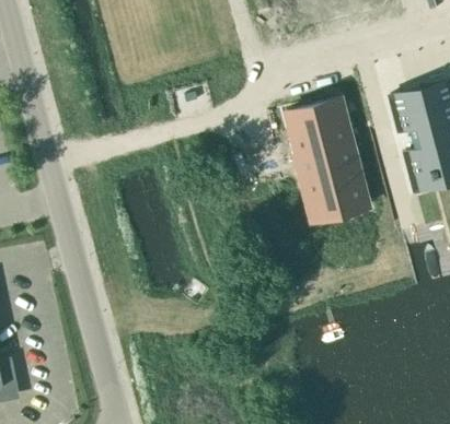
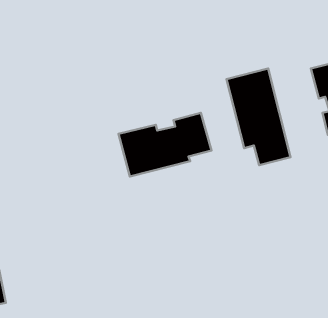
building: none -> [118,113,211,176]

